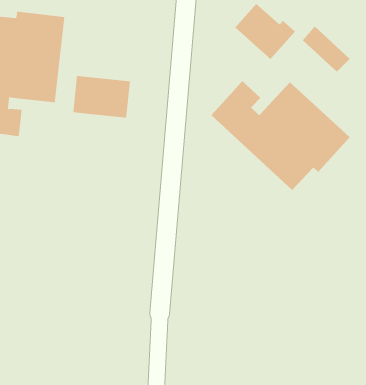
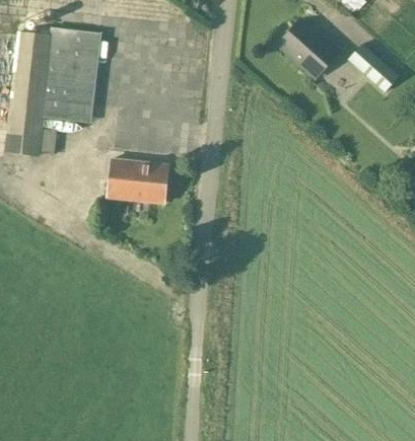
building: [72,75,131,118] -> [108,159,168,204]
building: [211,80,351,191] -> none

